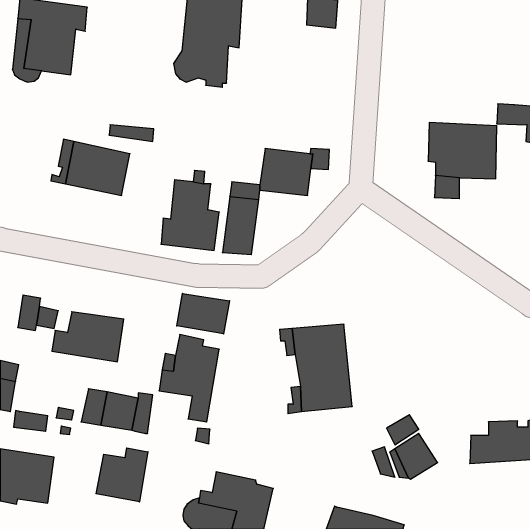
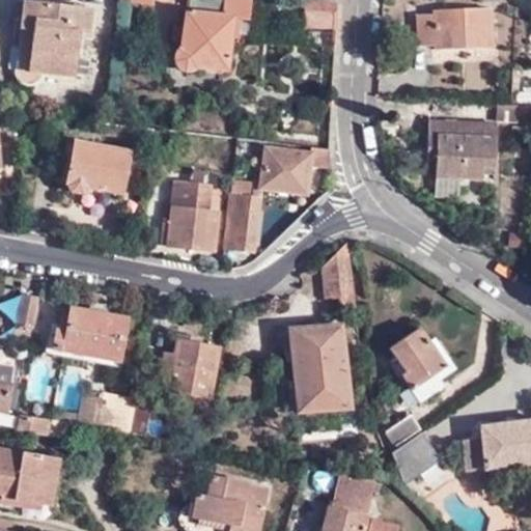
building: none -> [419,8,491,48]
building: none -> [325,243,358,308]
building: [177,293,230,334] -> none
building: none -> [391,328,443,399]
building: [96,448,148,502] -> none
building: none -> [337,474,382,514]

